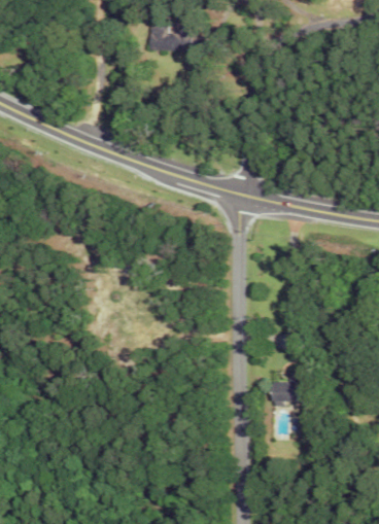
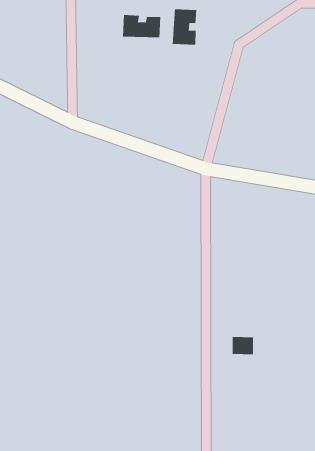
building: none -> [172,9,197,46]

